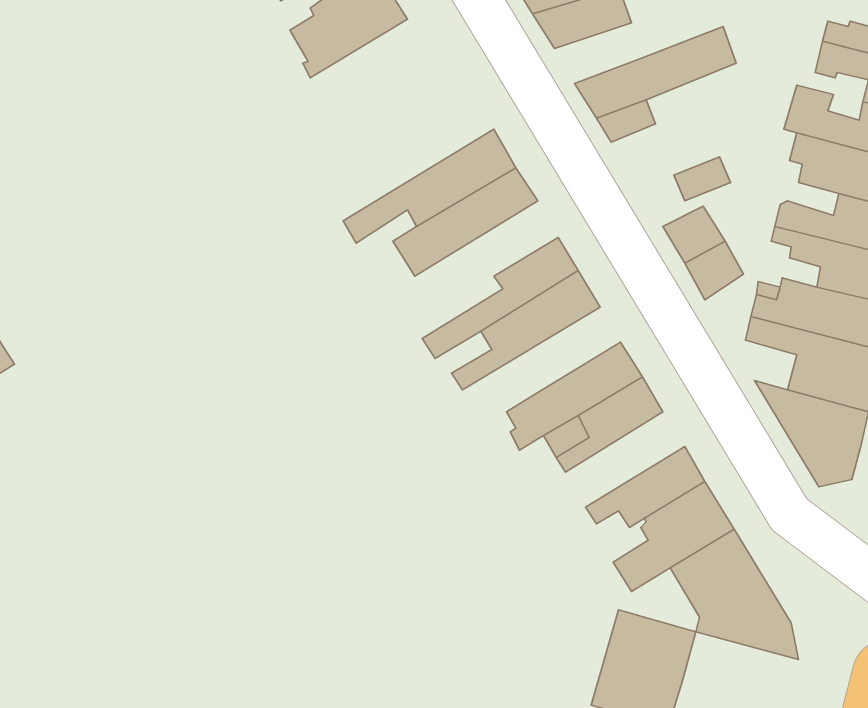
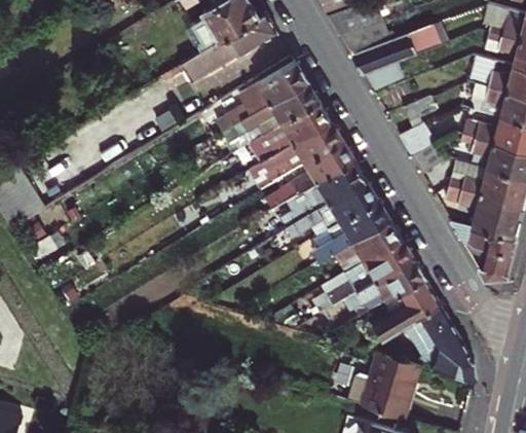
building: none -> [184,13,276,81]
building: none -> [340,21,389,55]
building: none -> [208,60,306,137]
building: none -> [249,120,342,189]
building: none -> [289,180,377,237]
building: none -> [328,239,413,305]

